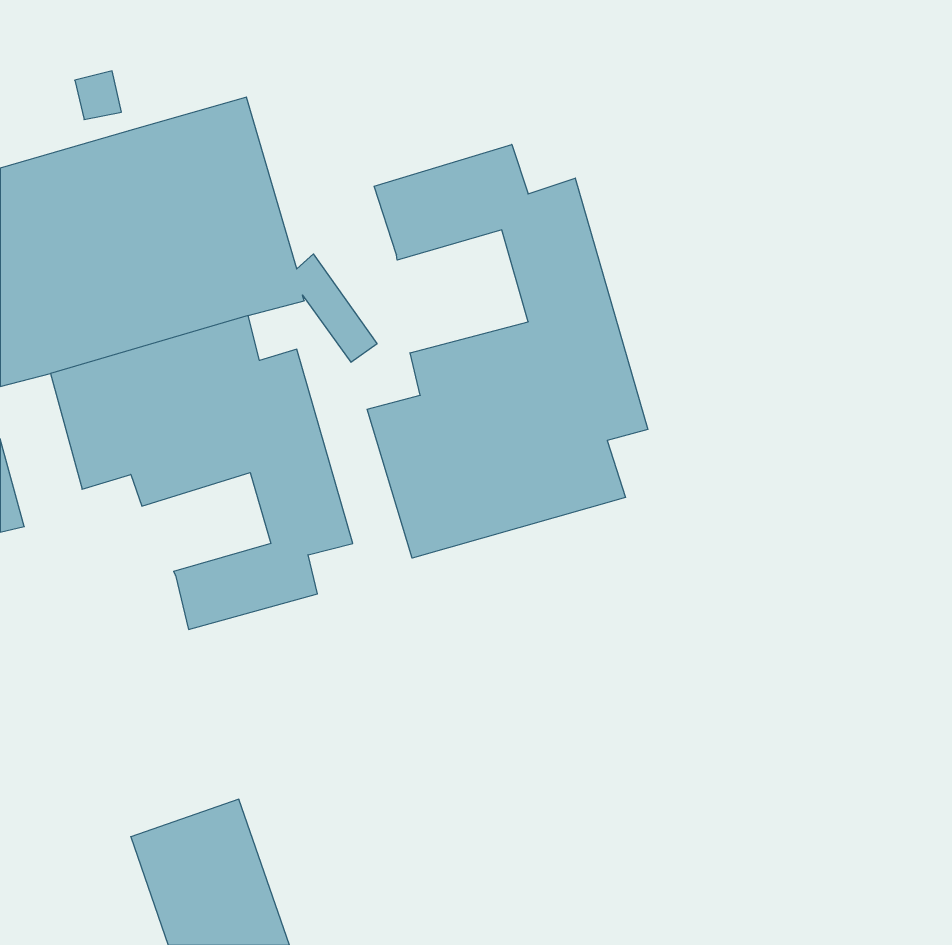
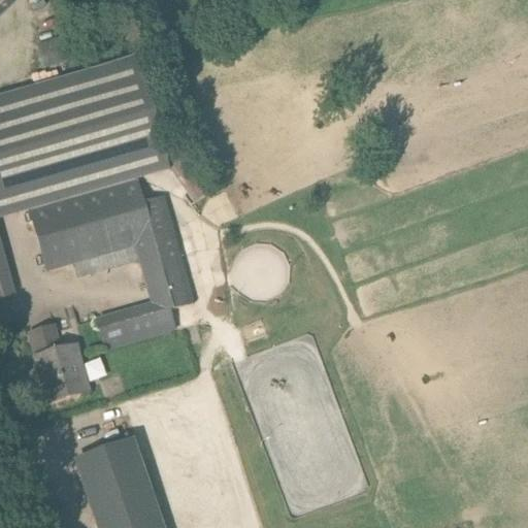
building: [367,144,648,558] -> none
building: none -> [29,323,90,401]

